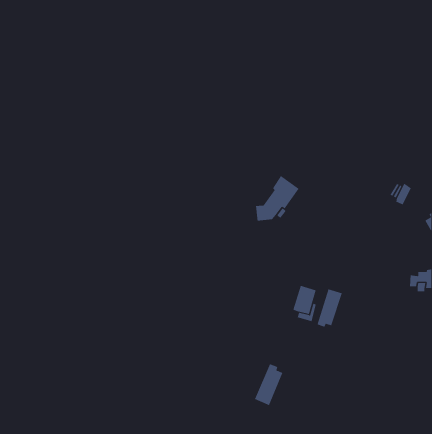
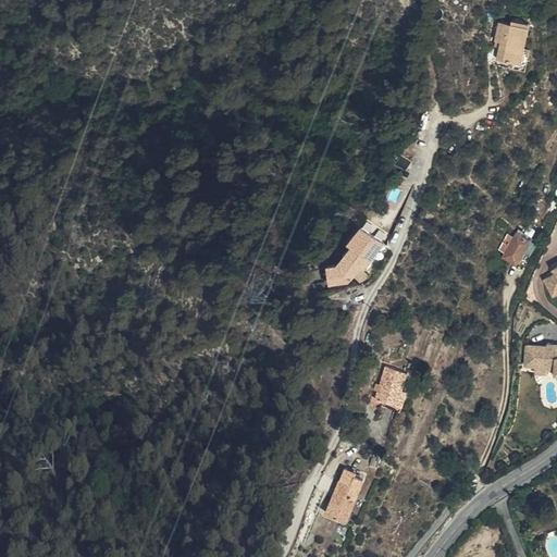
building: none -> [497,21,529,71]
building: [317,288,342,328] -> none

